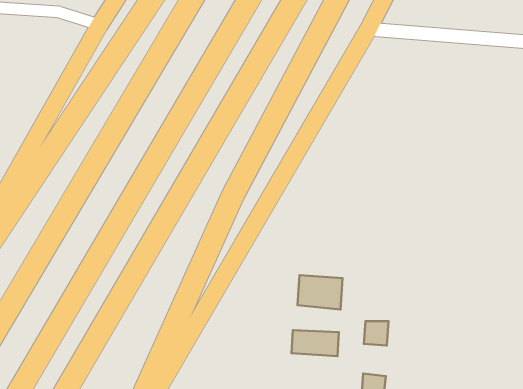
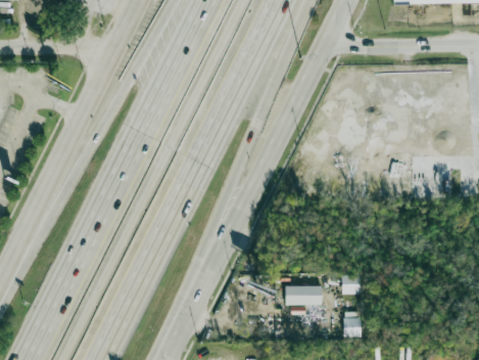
building: [297,275,343,310] -> none

